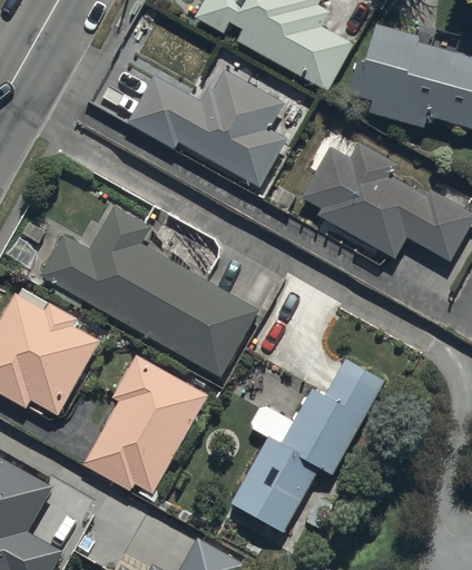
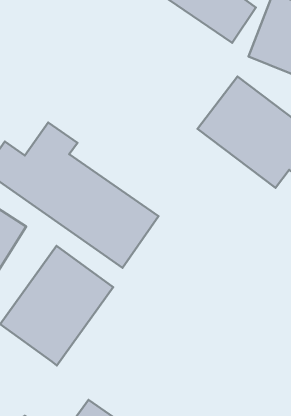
building: [129,67,289,190] -> none
building: [228,362,384,540] -> none

